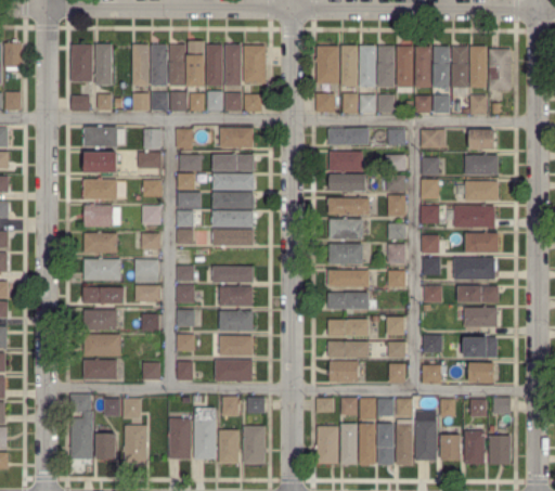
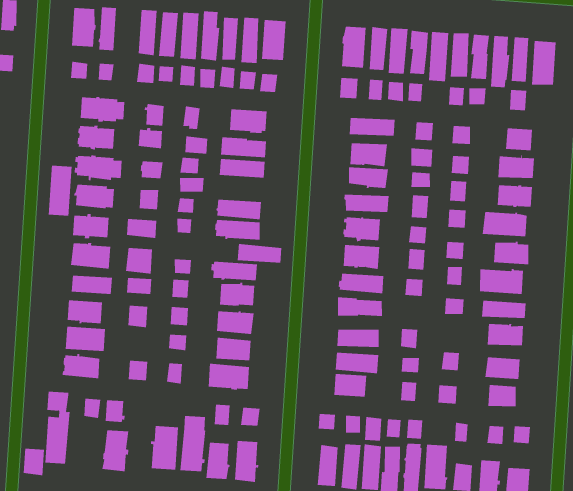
building: none -> [48,165,72,217]
building: [212,192,253,207] -> [237,244,282,263]
building: [96,434,115,457] -> [23,448,45,476]

